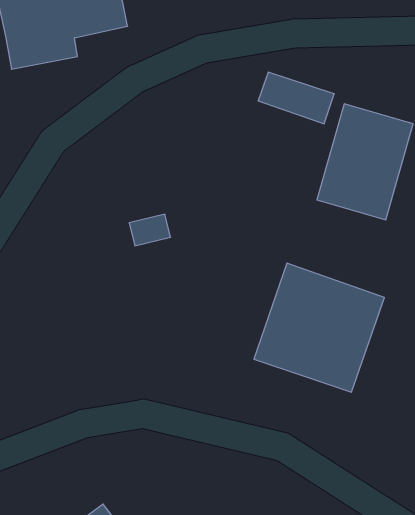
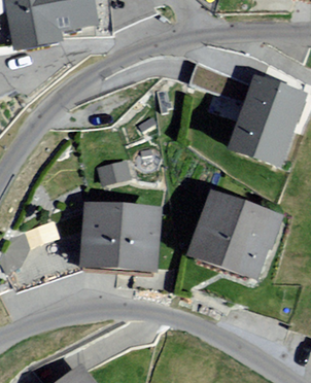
building: none -> [81,202,160,272]

